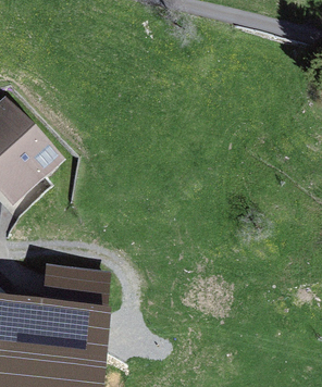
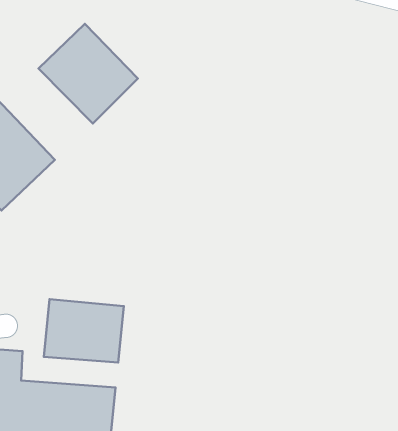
building: none -> [39,24,138,123]

